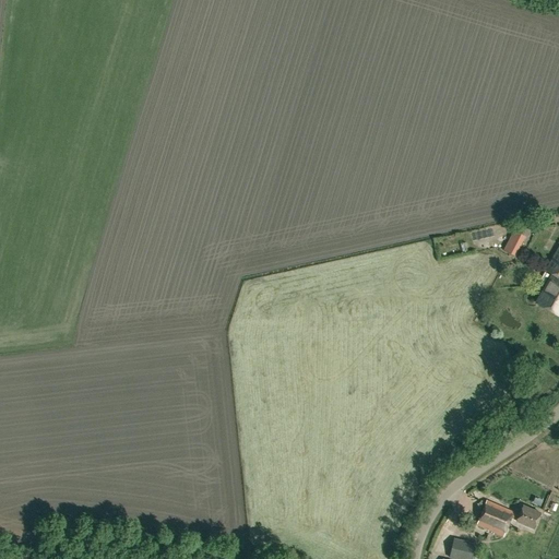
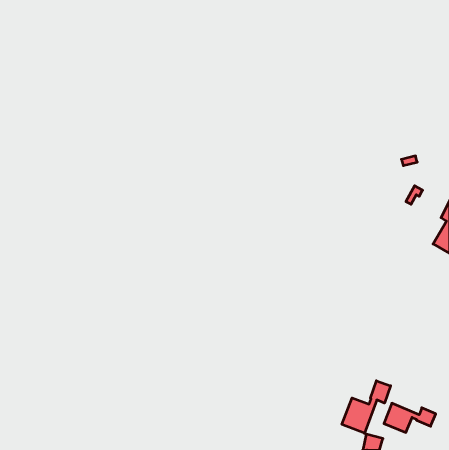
building: none -> [342,381,391,433]

